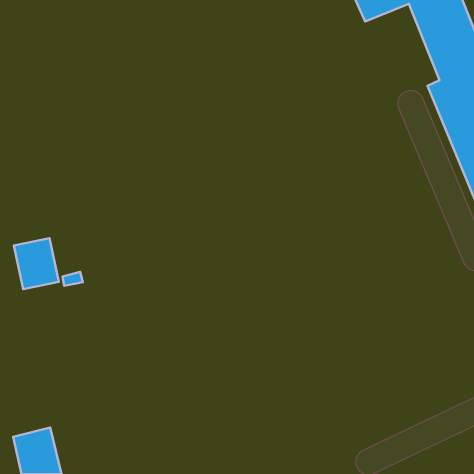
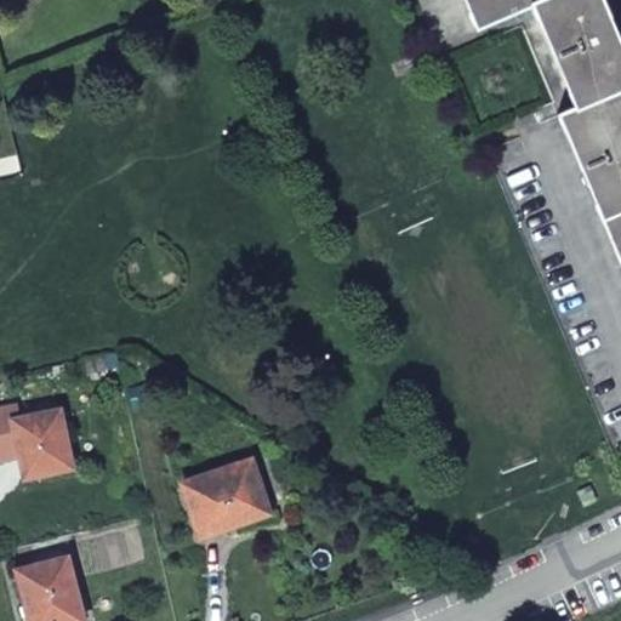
building: [14,238,59,289] -> [15,409,73,475]
building: none -> [184,460,269,535]

